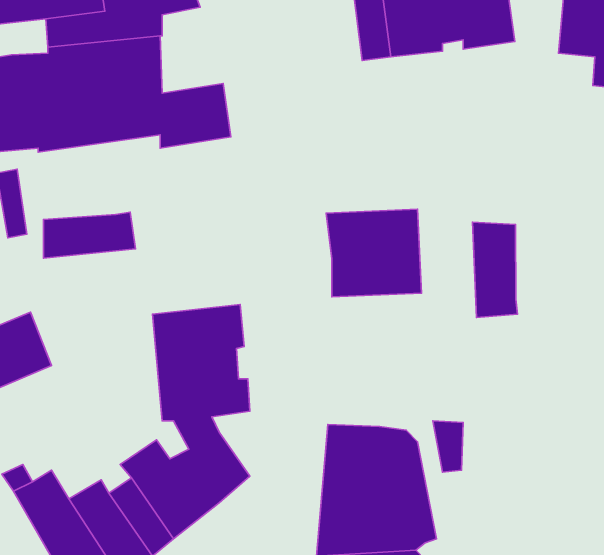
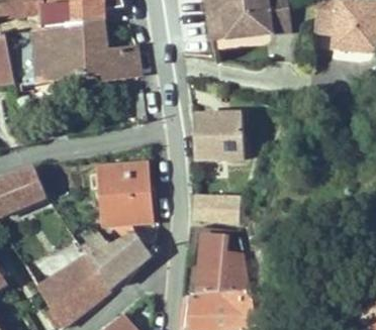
building: [44,212,135,258] -> none
building: [472,222,518,317] -> none
building: none -> [194,196,233,223]

